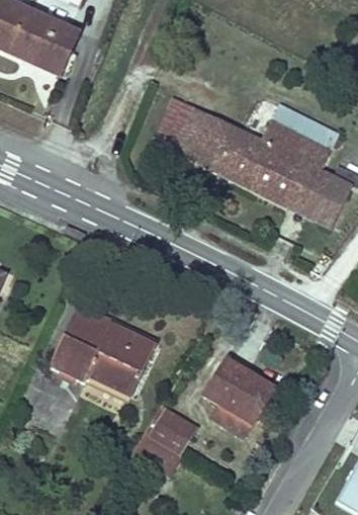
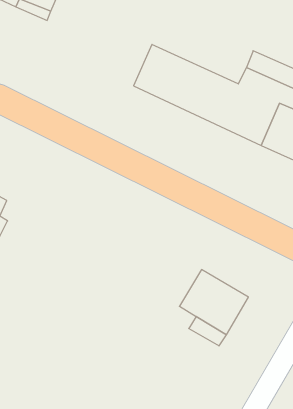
building: [48,297,158,391] -> none
building: [133,406,196,473] -> none

